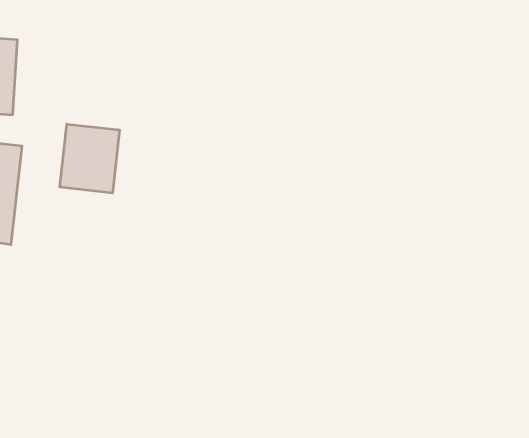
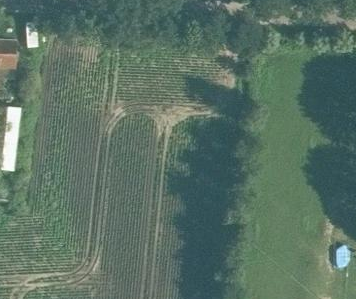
building: [60,124,119,193] -> none

